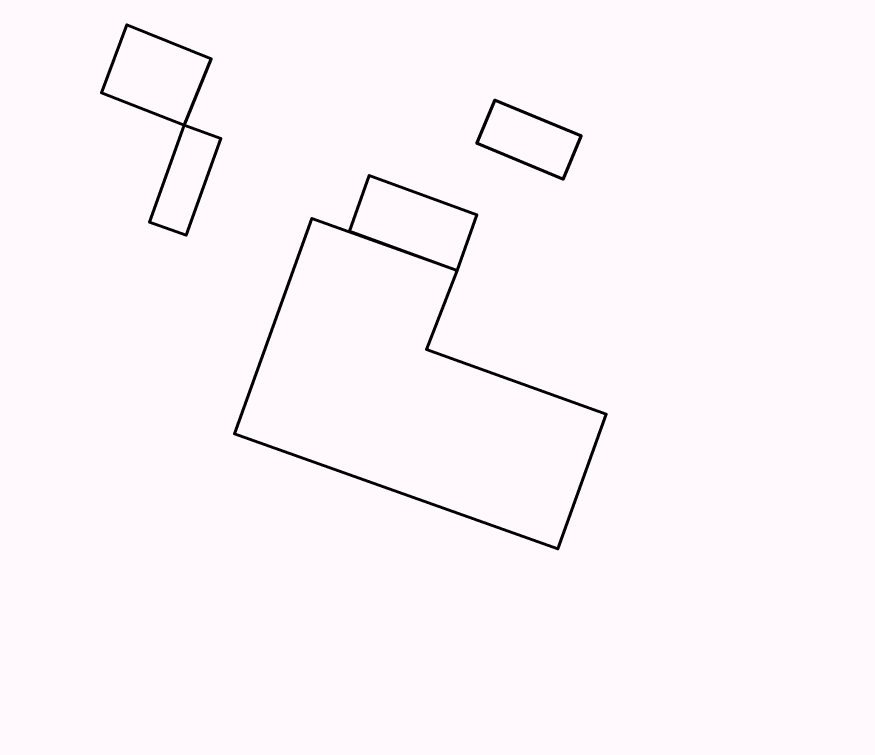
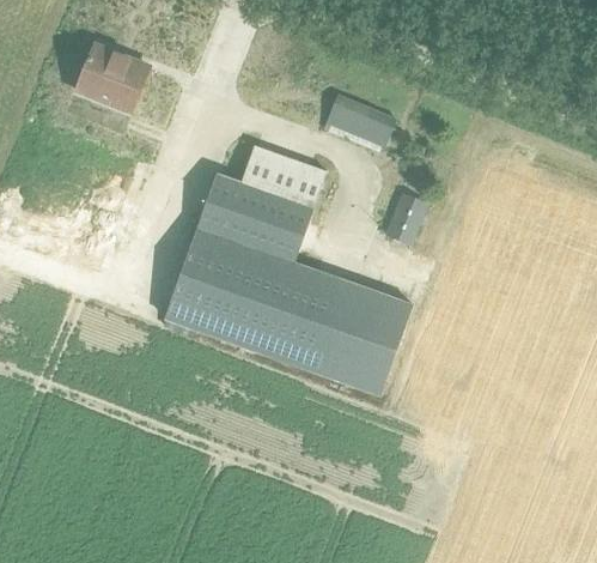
building: [149,125,221,235] -> none
building: none -> [385,192,427,244]

